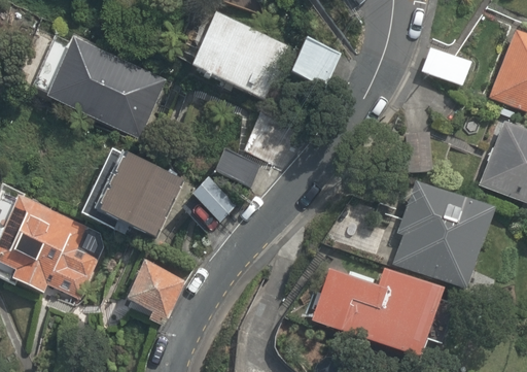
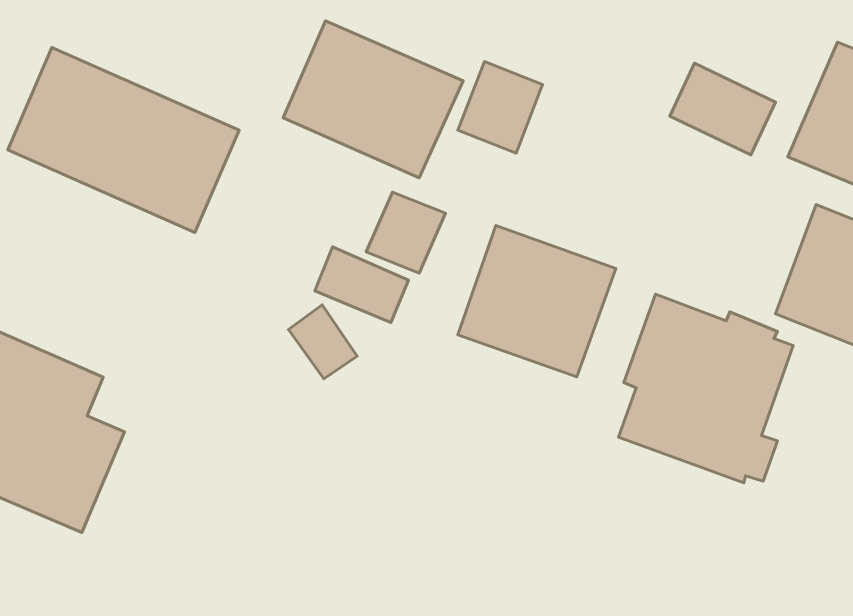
building: none -> [458,225,616,377]
building: [85,146,194,247] -> none
building: [116,253,182,316] -> none
building: [308,262,446,354] -> none

